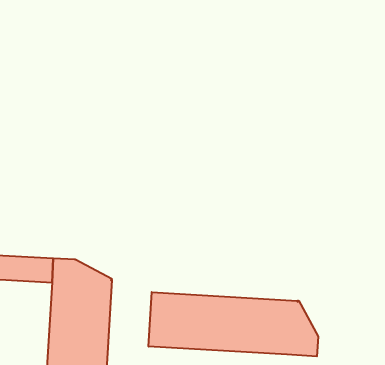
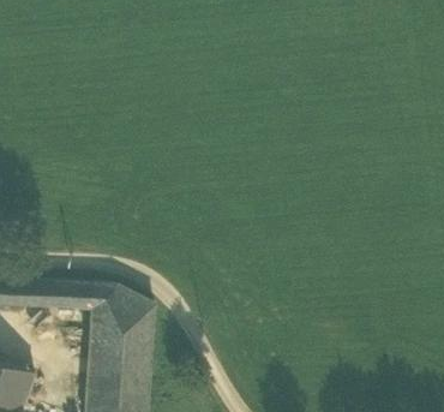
building: [149,292,318,356] -> none

